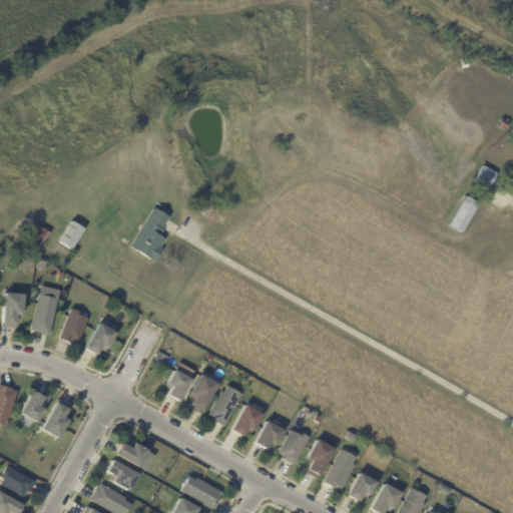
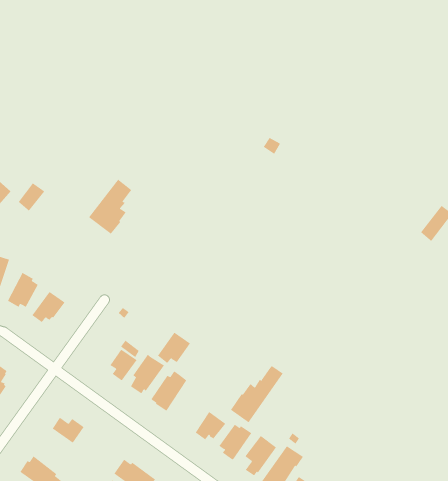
building: none -> [230,365,283,423]
building: [232,404,264,436] -> [157,331,191,364]
building: [107,460,139,491] -> none

